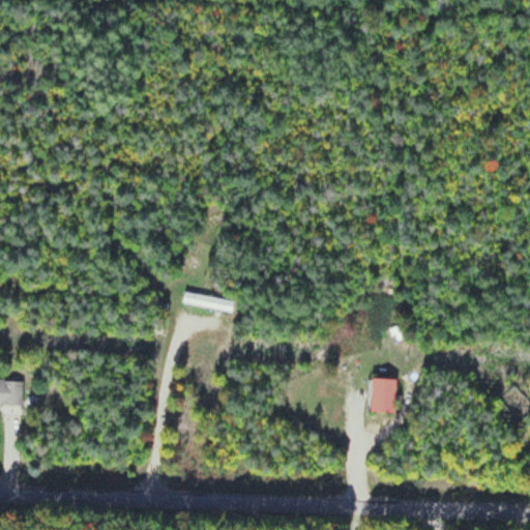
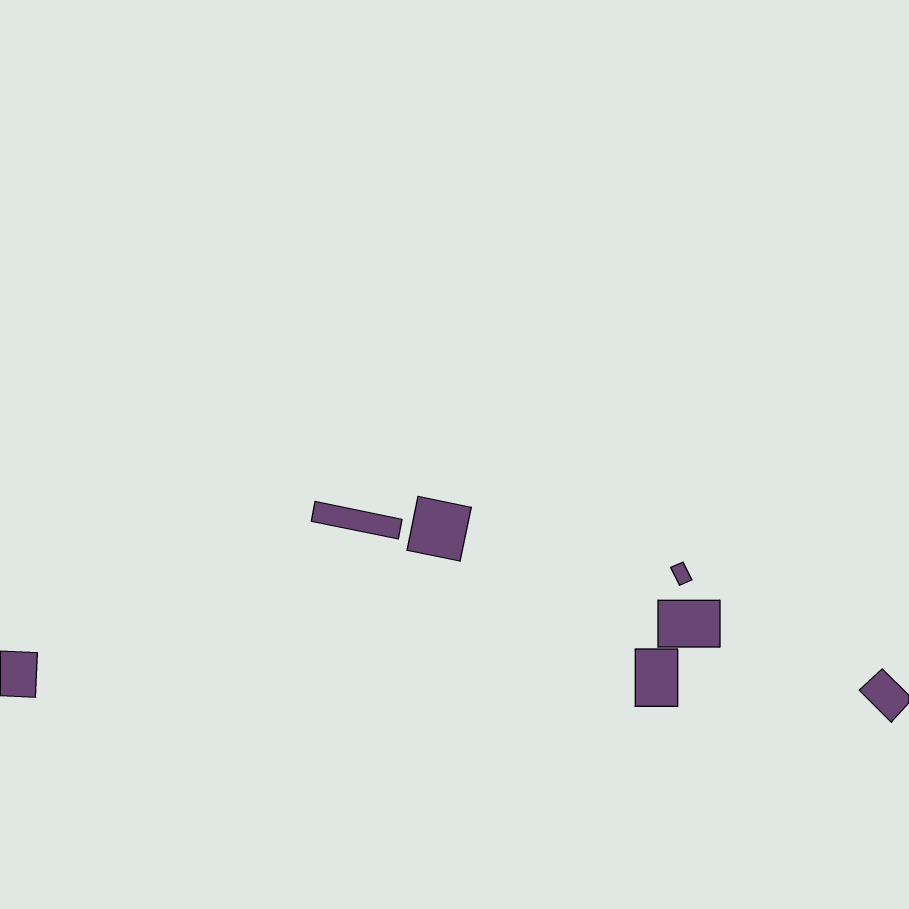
building: none -> [407,496,471,561]
building: none -> [658,600,720,647]

